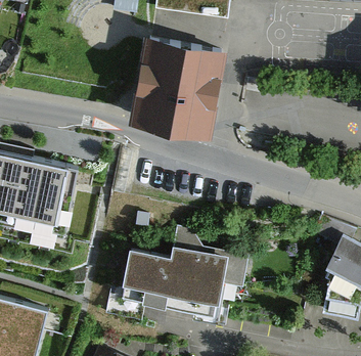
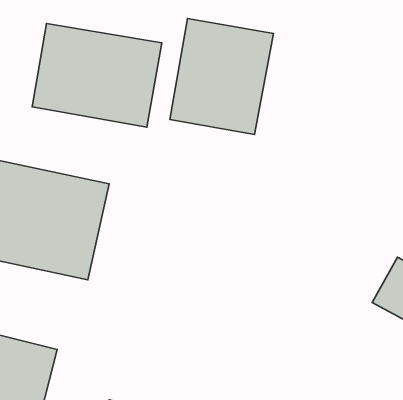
building: none -> [32,24,162,127]
building: [123,223,250,317] -> none

